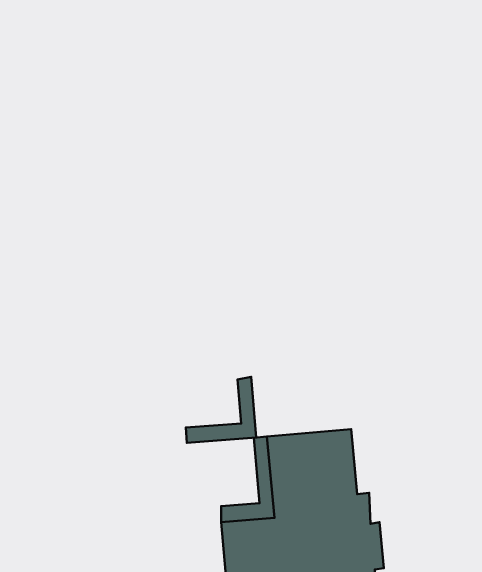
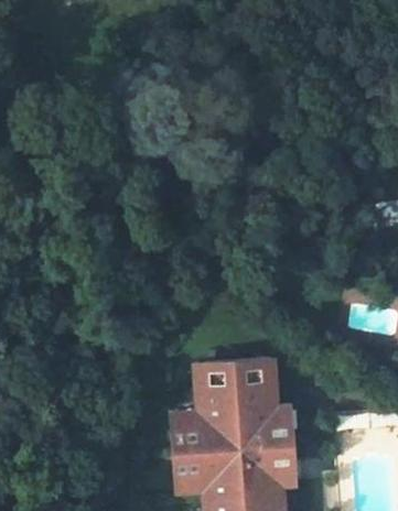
building: [186,377,256,443] -> none

